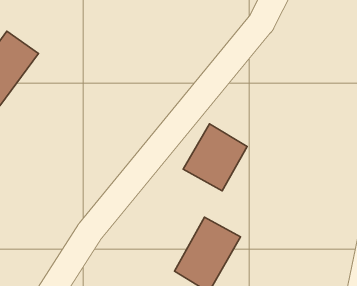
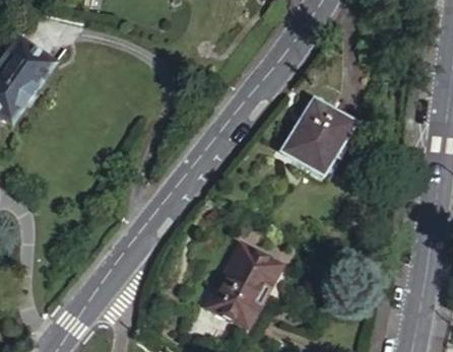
building: [183,124,247,191] -> [282,101,354,177]

